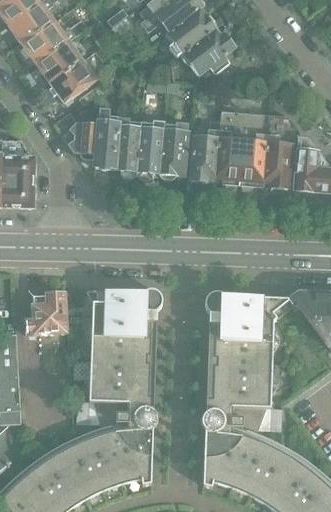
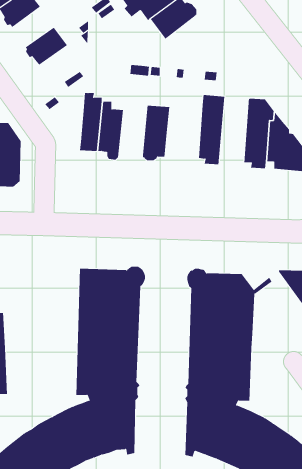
building: [23,18,87,62] -> none
building: [179,29,234,75] -> none
building: [48,60,95,103] -> none
building: [238,113,268,186] -> none
building: [134,120,163,180] -> none
building: [189,121,220,181] -> none
building: [64,123,97,160] -> none
building: [25,291,67,335] -> none

